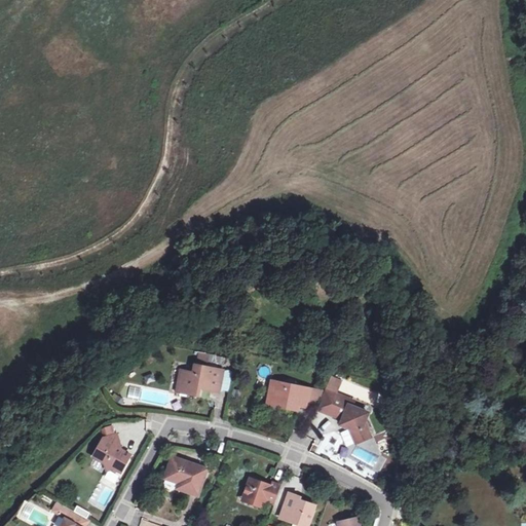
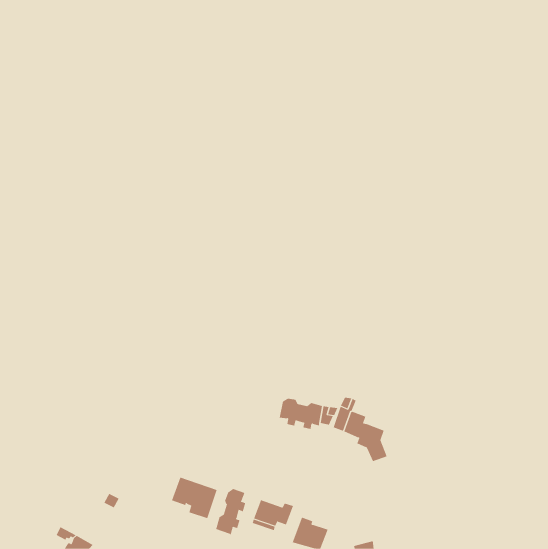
building: [176,364,221,394] -> none
building: [93,433,130,471] -> none
building: none -> [215,488,246,536]

